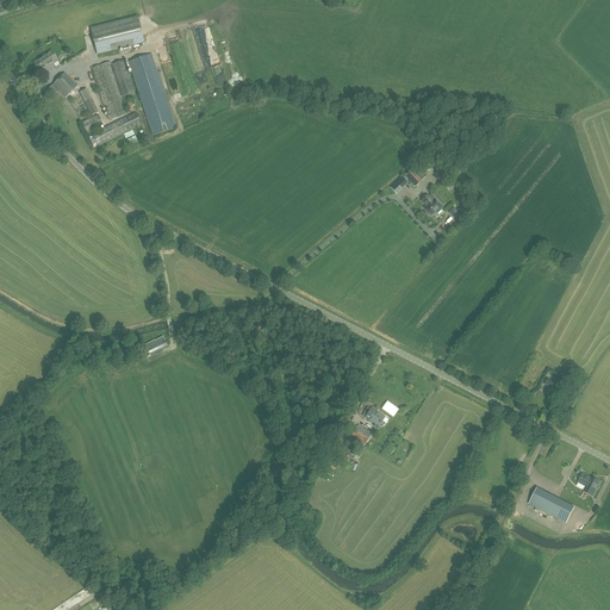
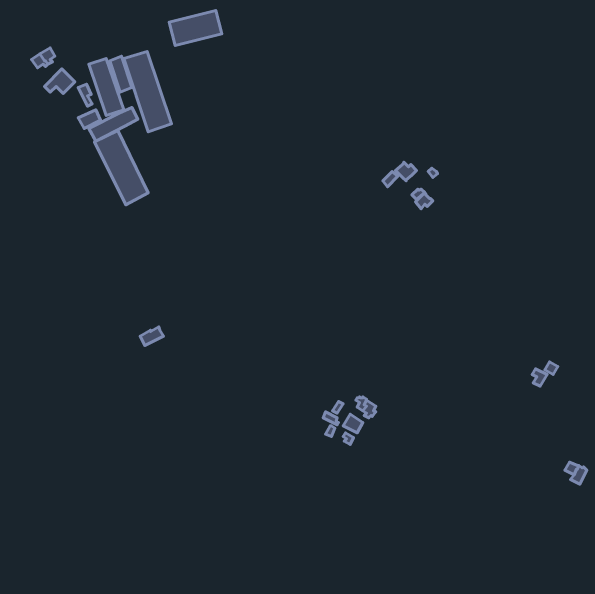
building: [89,15,143,51] -> [169,10,222,45]
building: none -> [94,131,148,205]
building: [528,484,572,521] -> none

